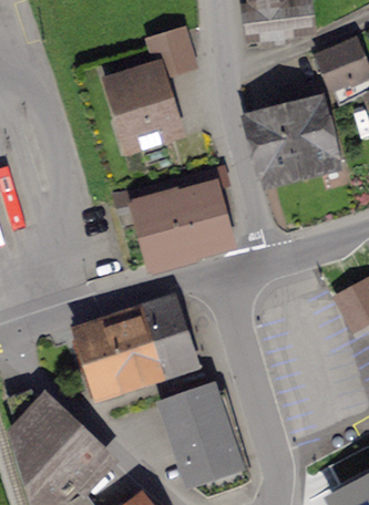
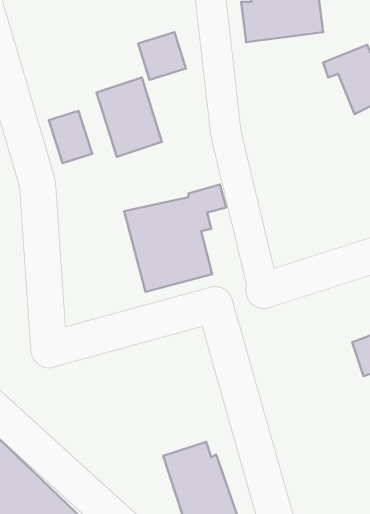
building: none -> [49,111,92,163]
building: [253,99,342,173] -> none
building: [76,293,193,395] -> none

